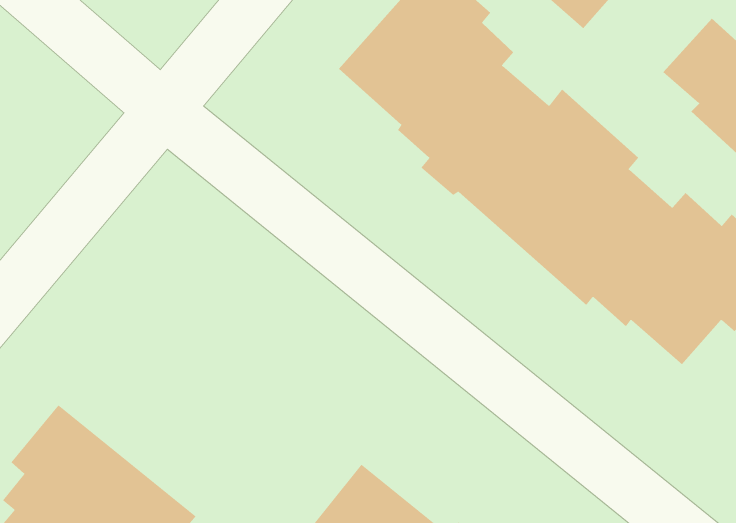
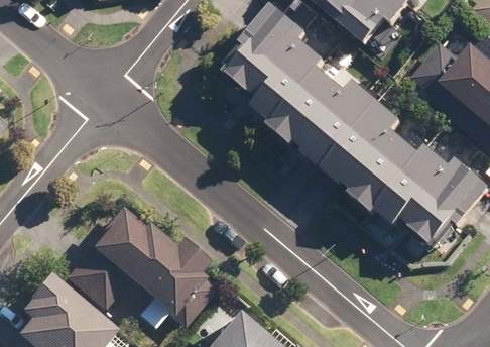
building: none -> [71,204,207,325]

